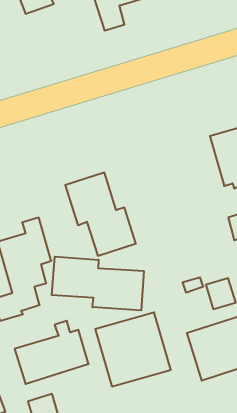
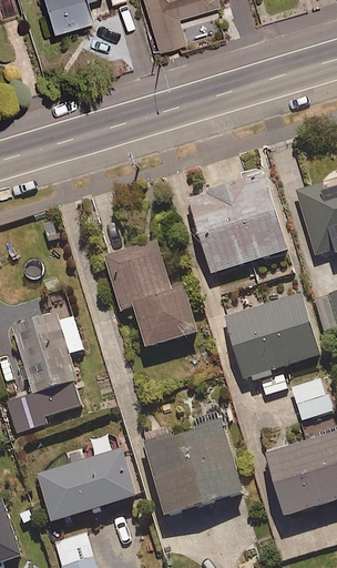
building: none -> [190,174,290,274]
building: none -> [218,294,321,382]
building: [52,257,144,310] -> none

